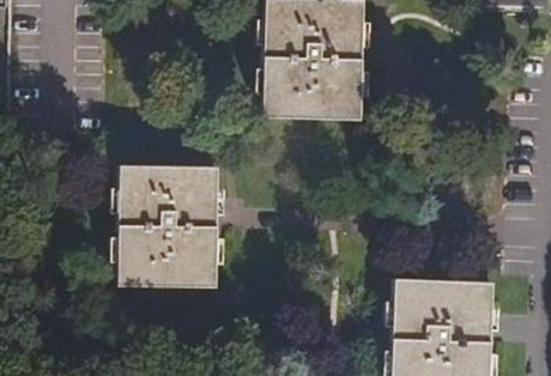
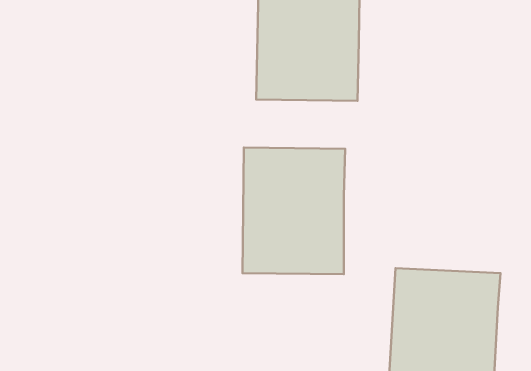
building: [120,166,217,286] -> [243,148,345,274]

